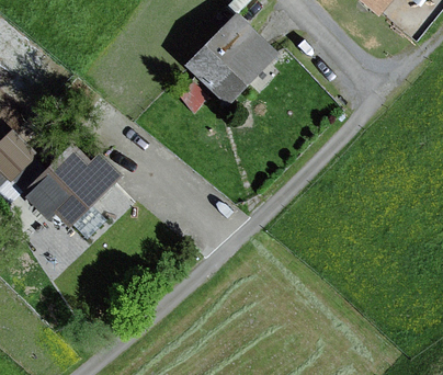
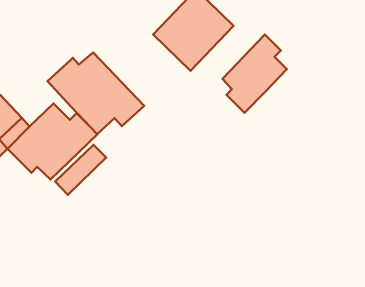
building: none -> [223,35,287,113]
building: none -> [47,53,144,134]

